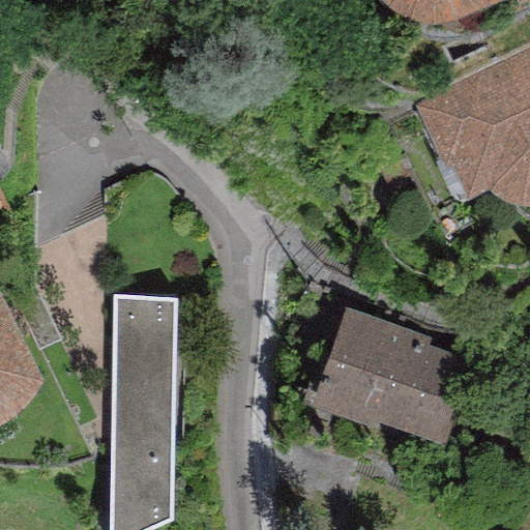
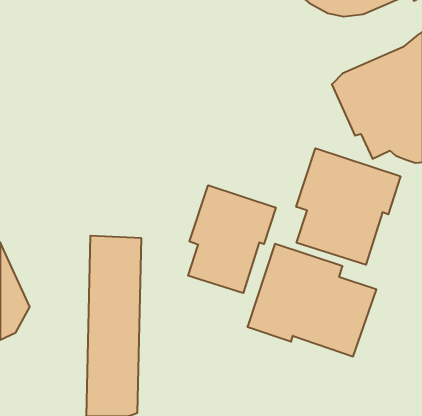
building: none -> [296,148,400,265]
building: none -> [188,185,276,293]

